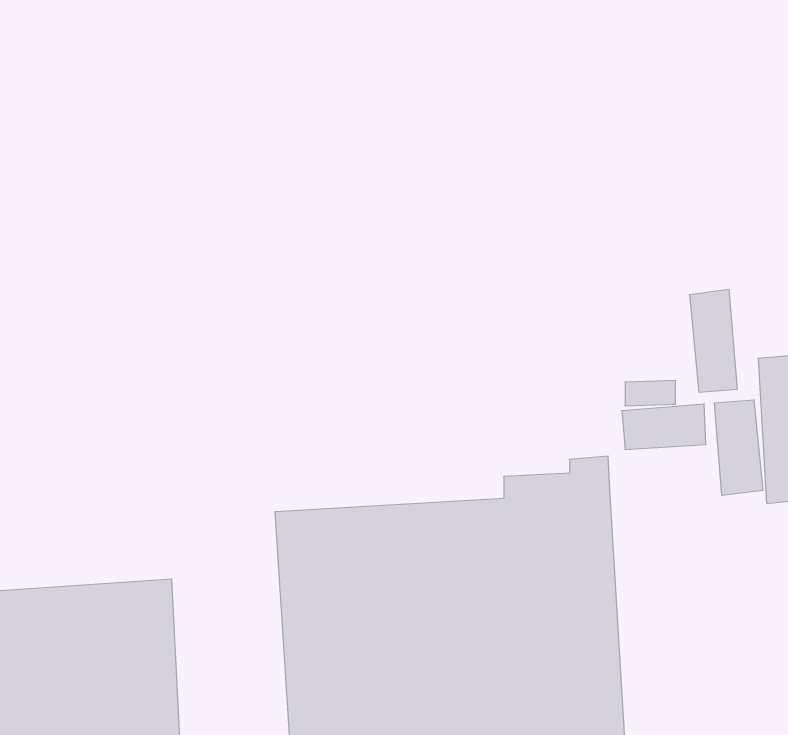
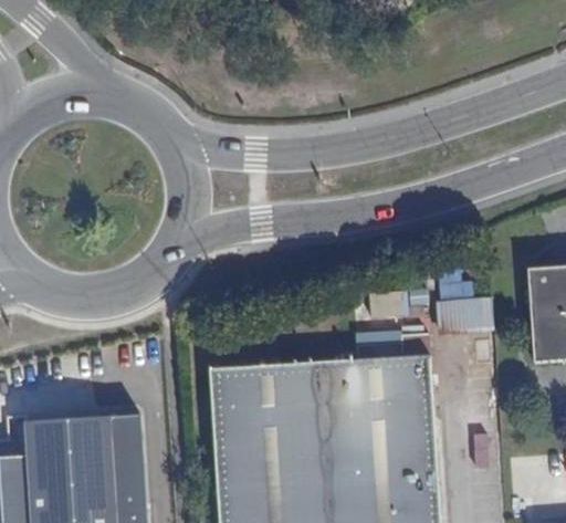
building: [690,289,737,392] -> none
building: [714,400,763,496] -> none

